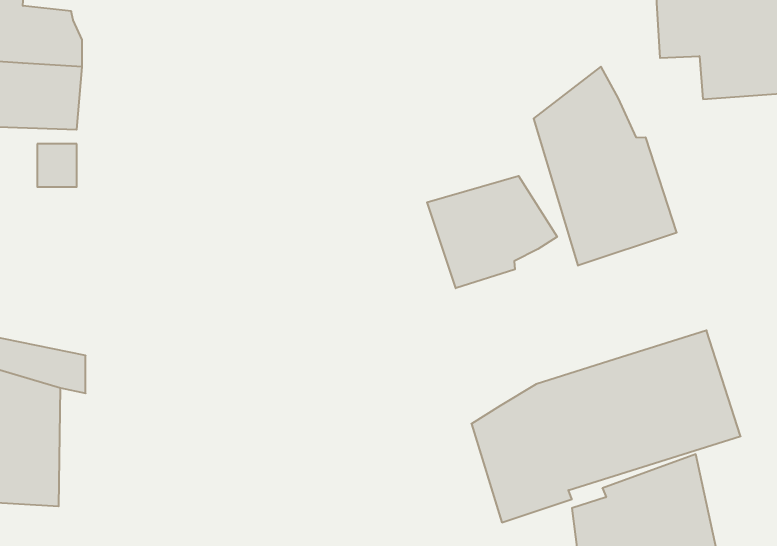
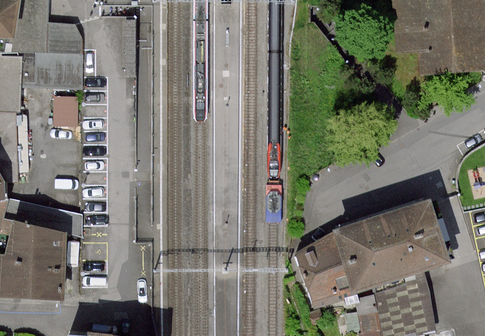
building: [534,67,677,266] -> none
building: [427,176,557,288] -> none

